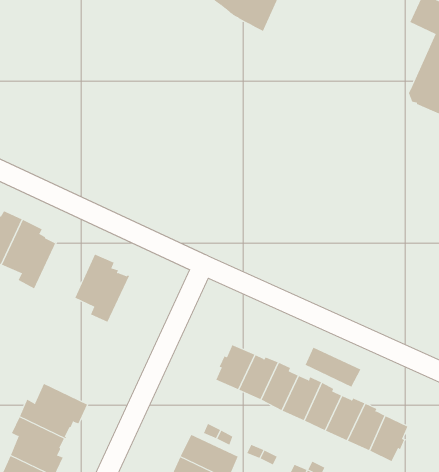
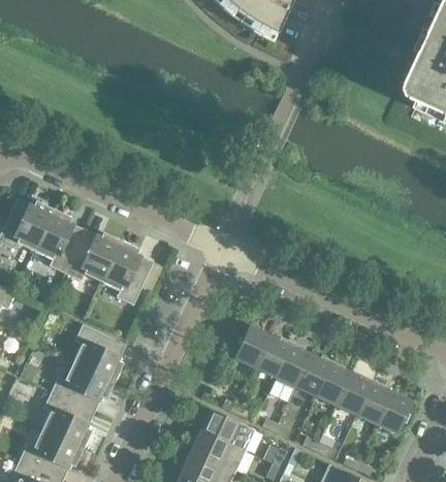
building: none -> [64,229,120,282]
building: none -> [72,324,125,381]
building: [305,347,361,388] -> none

